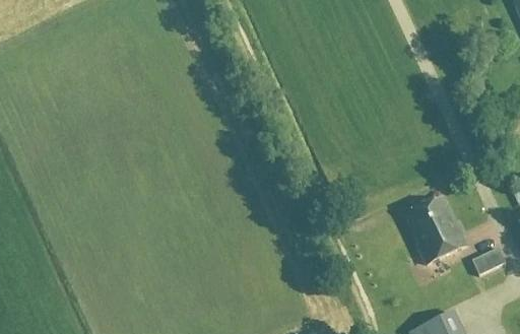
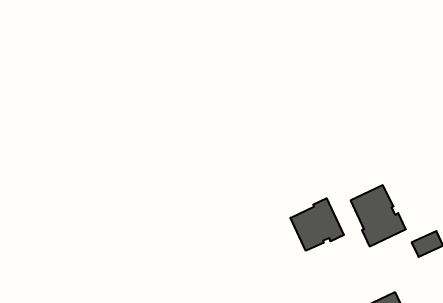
building: none -> [290,198,344,251]

